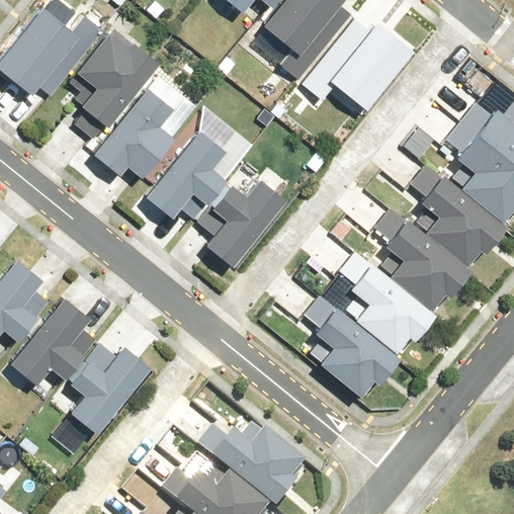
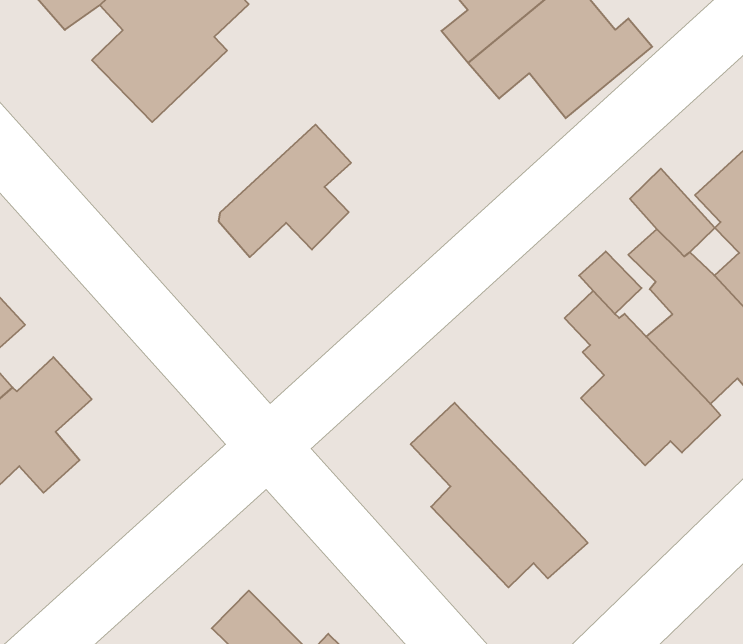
building: [94,85,180,179] -> none
building: [210,179,289,265] -> none
building: [329,242,444,354] -> none
building: [71,347,151,433] -> none

